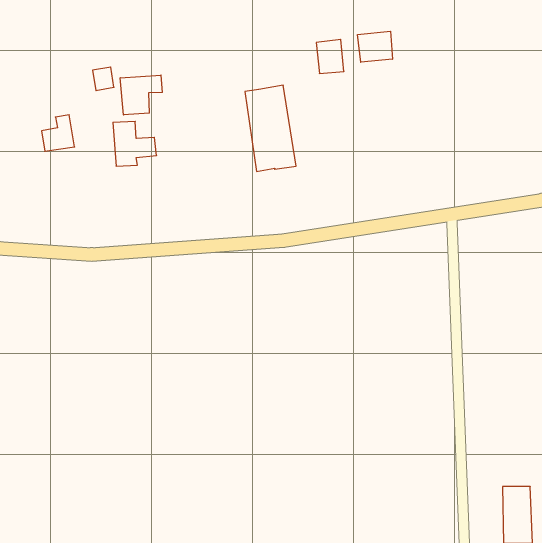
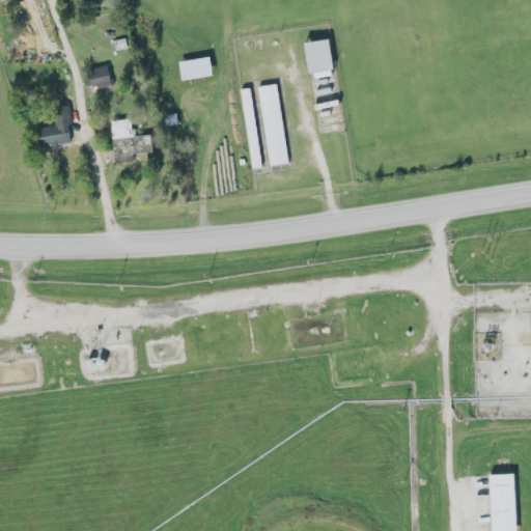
building: [358,31,392,62] -> none
building: none -> [180,57,214,79]
building: [120,75,162,115] -> none

